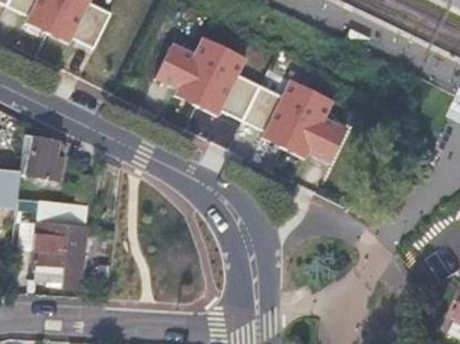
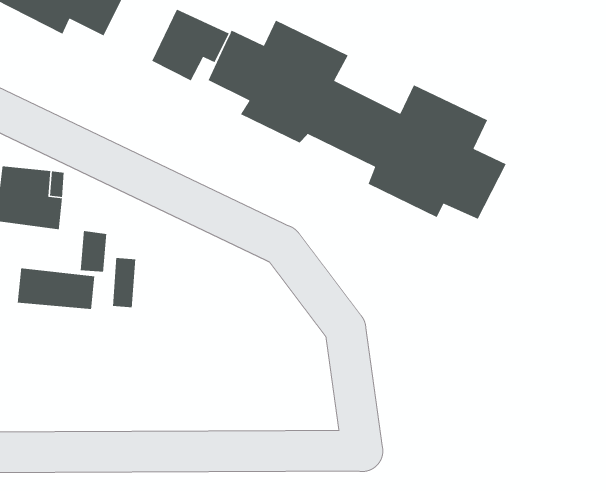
building: none -> [151,8,230,81]
building: [31,221,83,286] -> none

